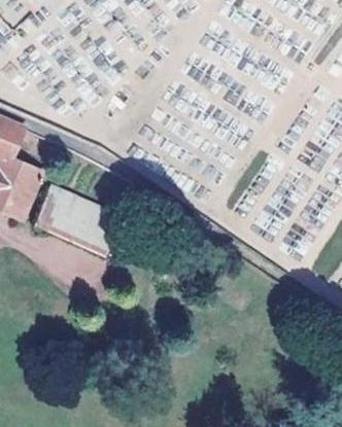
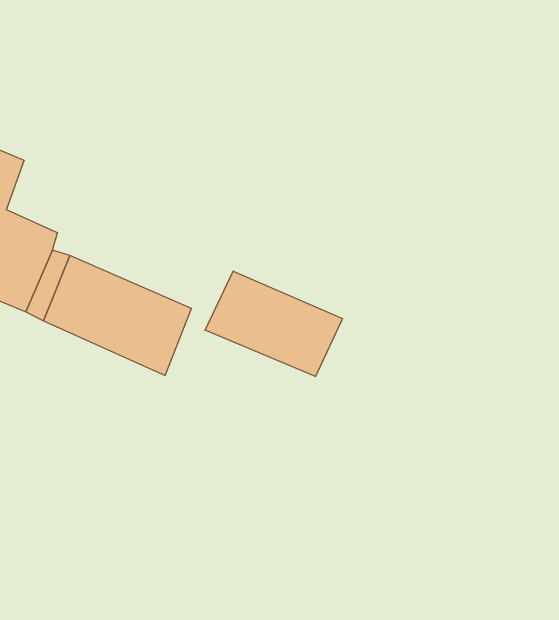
building: none -> [205,271,342,377]

